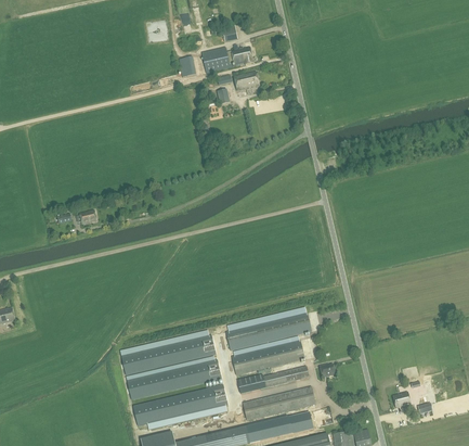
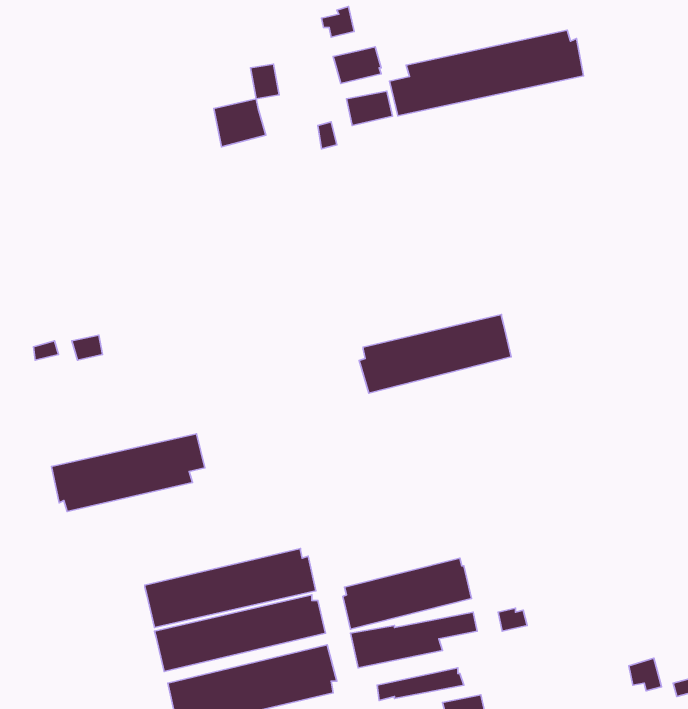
building: none -> [390,30,584,116]
building: [200,47,230,74] -> [214,99,266,147]
building: none -> [52,434,205,512]
building: [224,307,310,352] -> [359,314,511,393]

